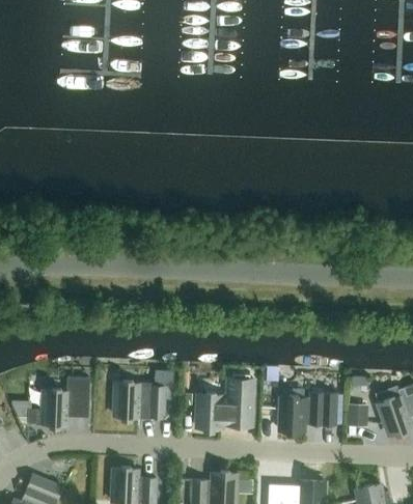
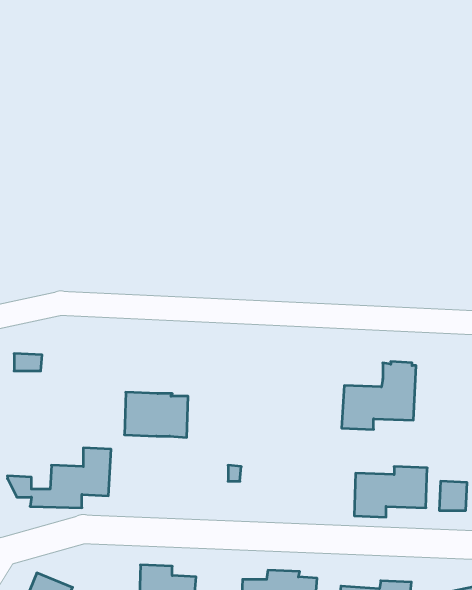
building: [197,375,255,428] -> [342,362,416,429]
building: [115,383,165,418] -> [124,392,188,437]

